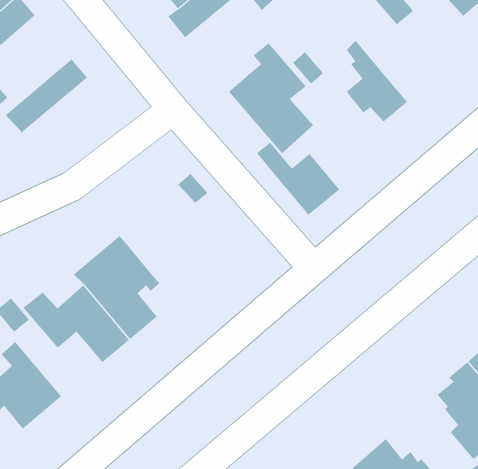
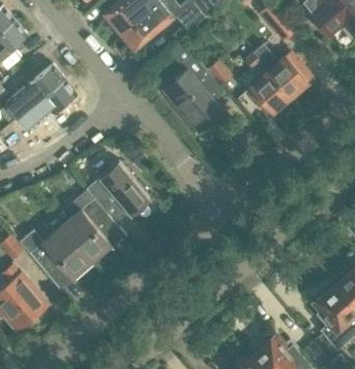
building: none -> [18,78,78,127]
building: [256,142,340,216] -> [254,43,314,96]
building: none -> [86,160,152,217]

